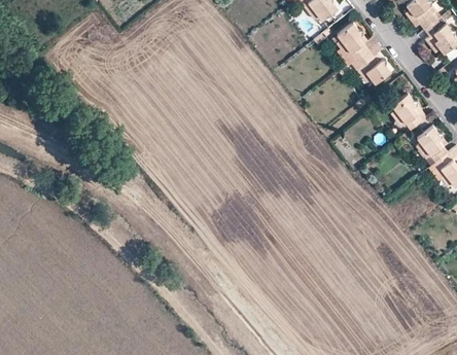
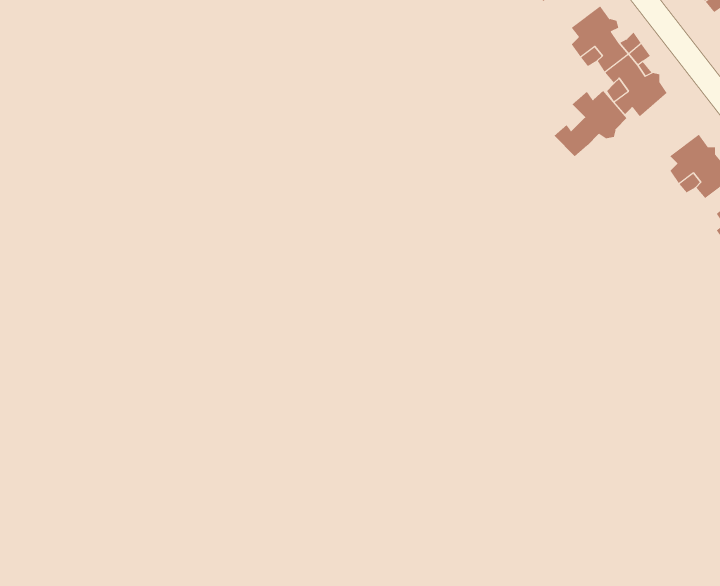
building: none -> [554,90,627,157]

